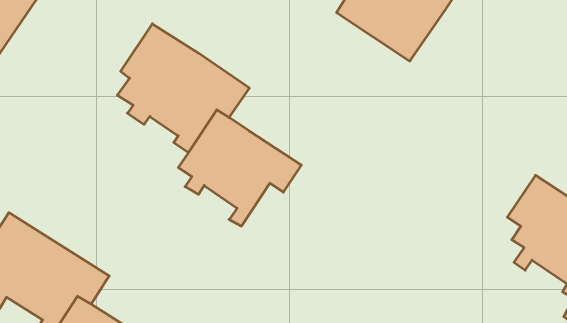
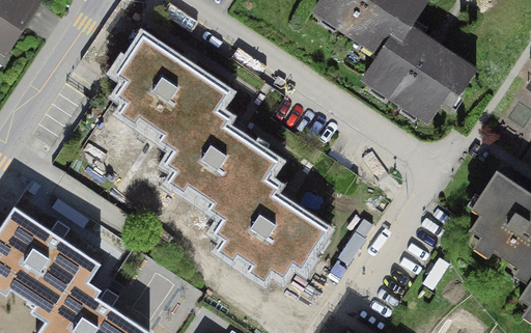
building: none -> [369,20,486,123]
building: none -> [215,178,328,284]

